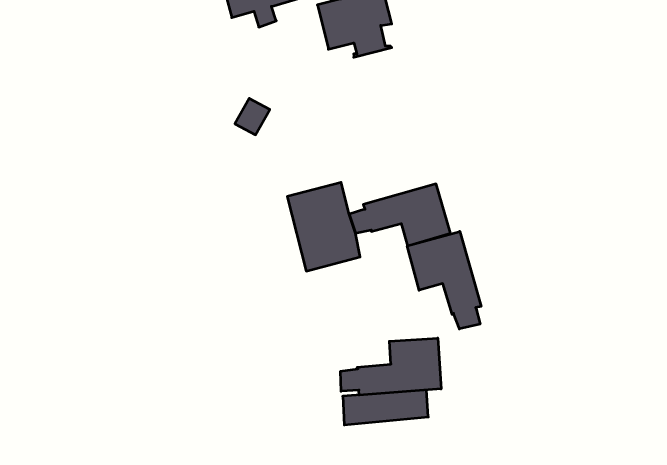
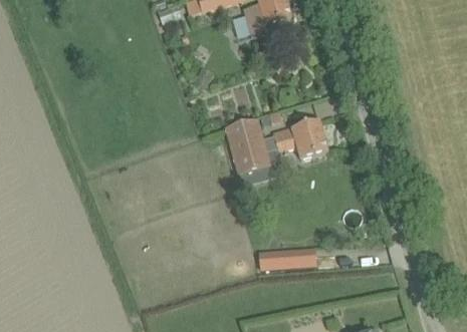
building: [407,231,481,329] -> none
building: [341,338,441,395] -> none

